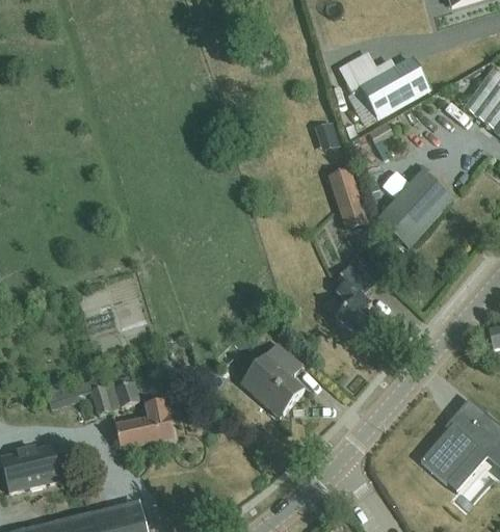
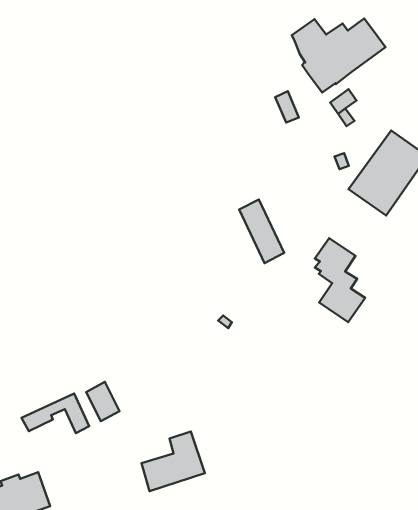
building: [327,167,365,228] -> [239,199,284,263]
building: [240,342,306,418] -> none
building: [115,398,174,449] -> [141,432,205,491]

